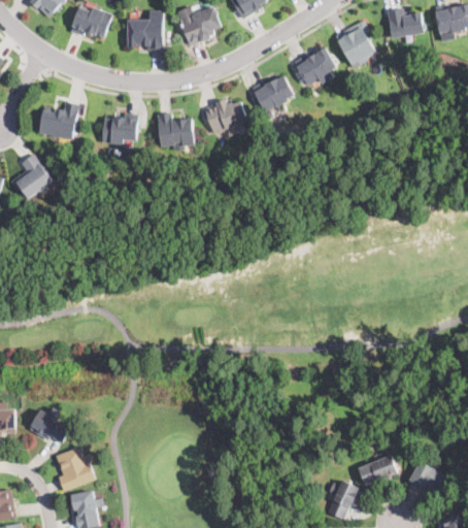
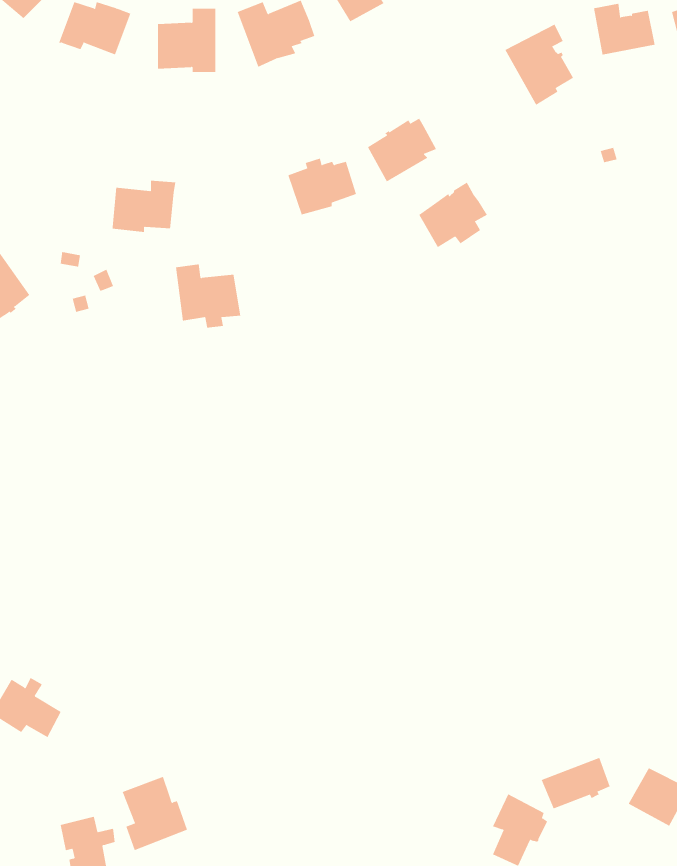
building: [296,46,337,86] -> [418,182,488,248]
building: [39,101,79,139] -> none
building: [156,112,195,151] -> [175,264,241,328]
building: [56,447,95,491] -> [122,776,188,851]

